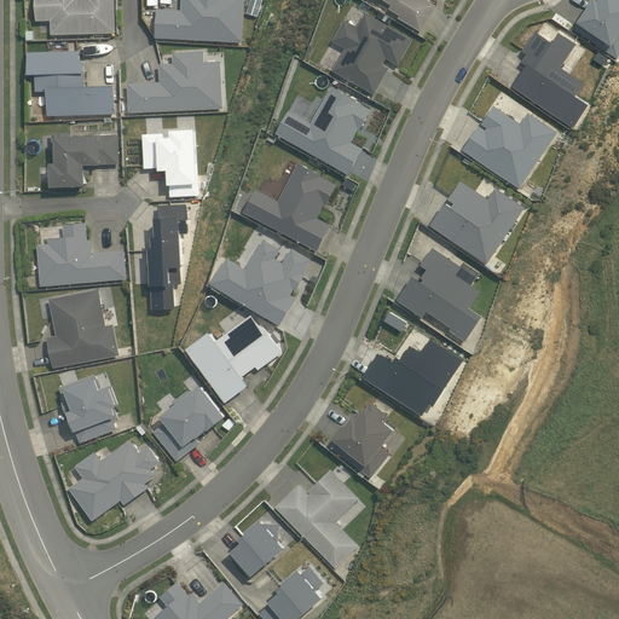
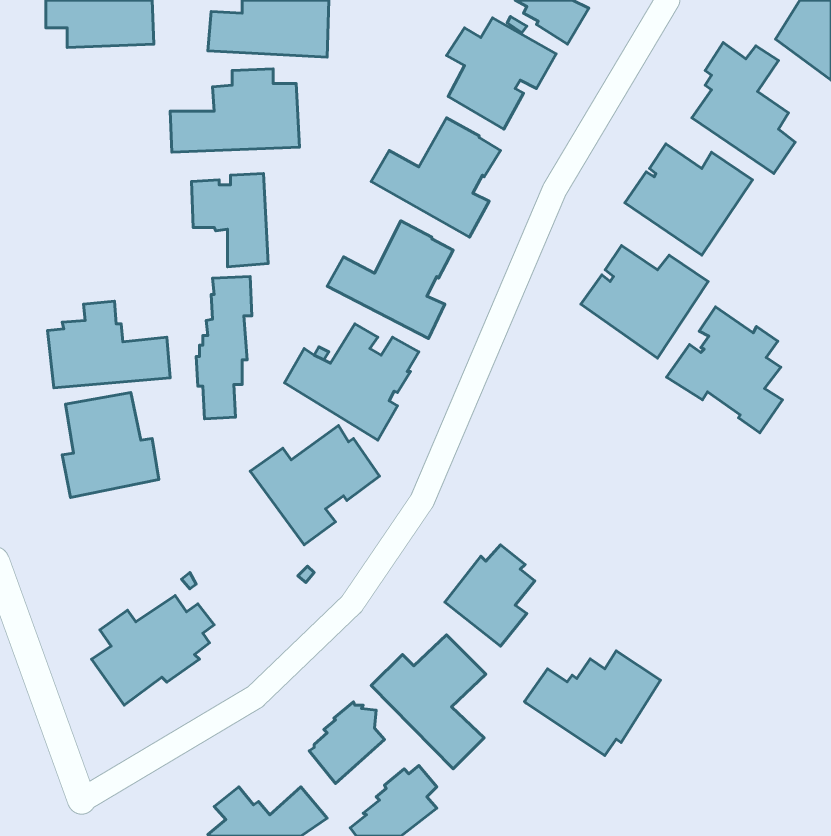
building: [27,51,114,116] -> none
building: [50,132,117,187] -> none
building: [395,248,481,341] -> [666,307,783,433]
building: [361,339,462,416] -> [525,651,660,755]
building: [58,374,117,442] -> none
building: [152,384,226,461] -> none

